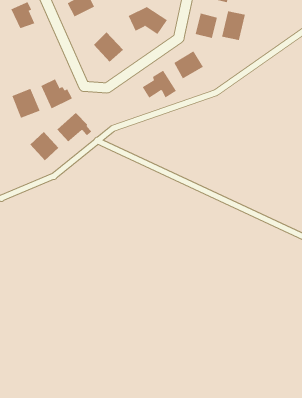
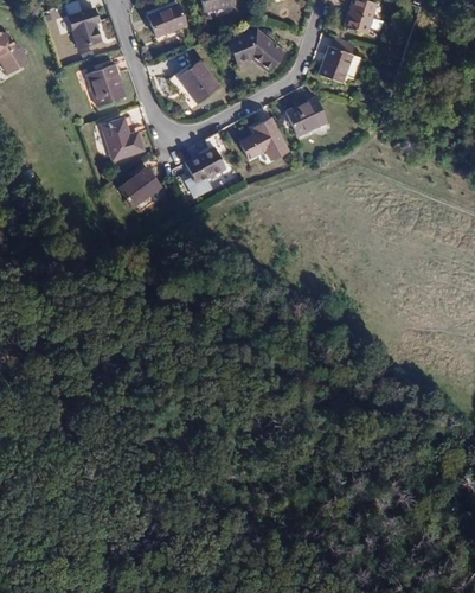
building: [221,10,245,41] -> none
building: [11,88,40,119] -> [86,65,124,106]
building: none -> [186,147,226,183]
building: [30,131,59,161] -> none

